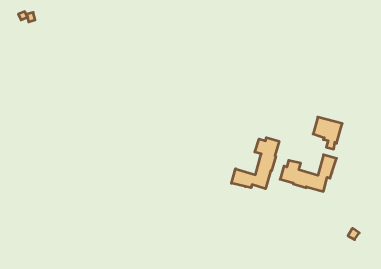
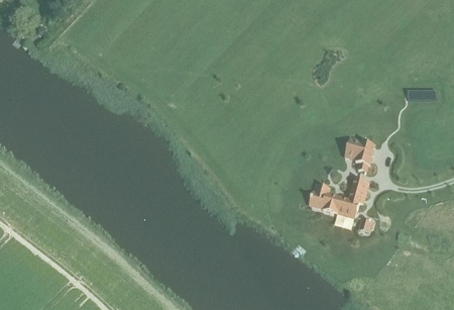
building: [231,138,279,189] -> none

